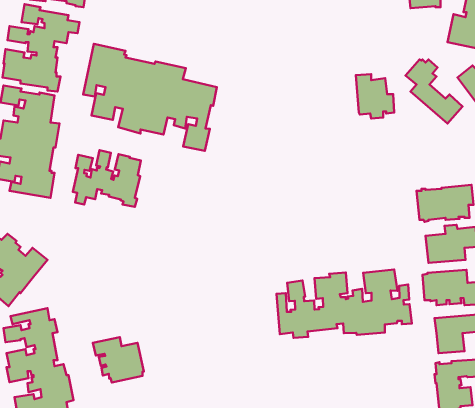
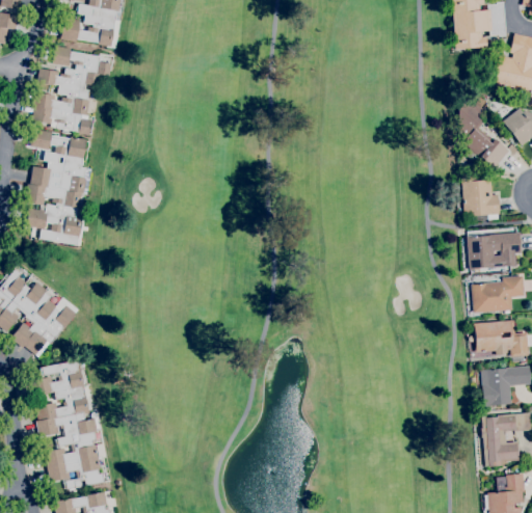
building: [83,44,217,151] -> none
building: [356,74,394,118] -> [460,174,500,220]
building: [73,150,141,207] -> none
building: [277,269,412,338] -> none
building: [93,337,144,382] -> none

